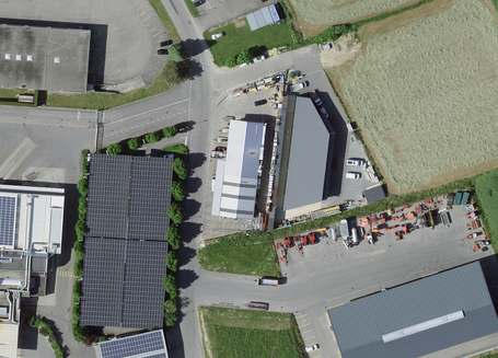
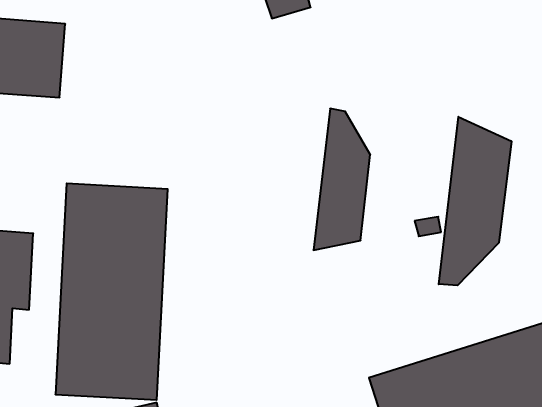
building: none -> [439,117,511,285]
building: [220,120,263,218] -> none

